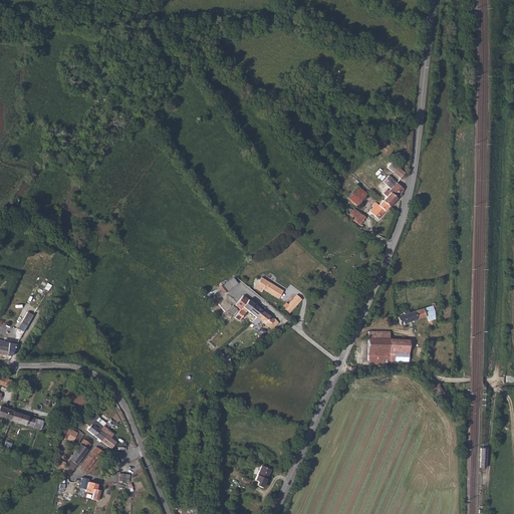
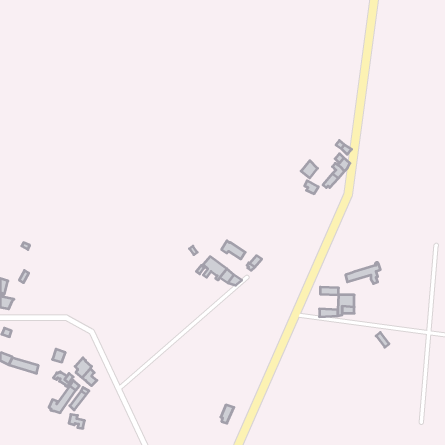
building: [368,338,391,356] -> none

